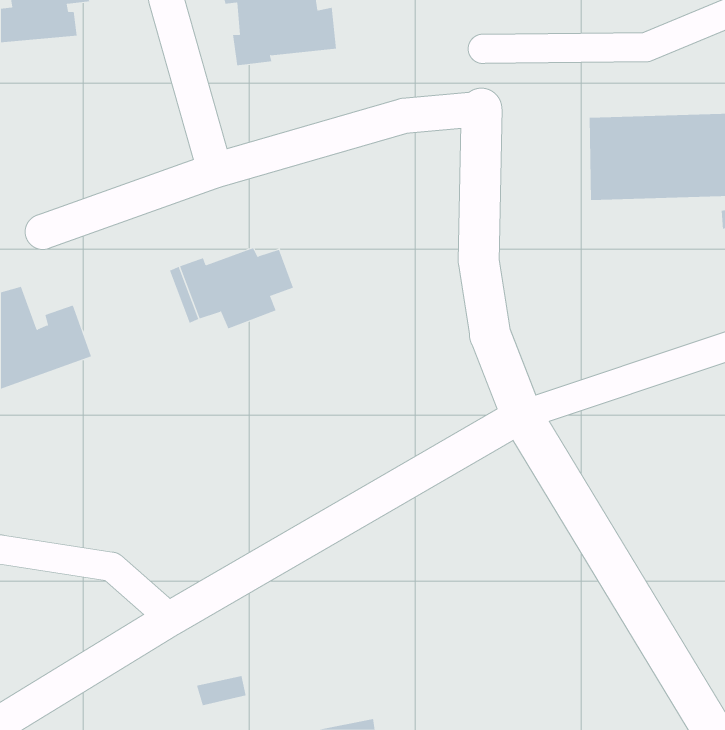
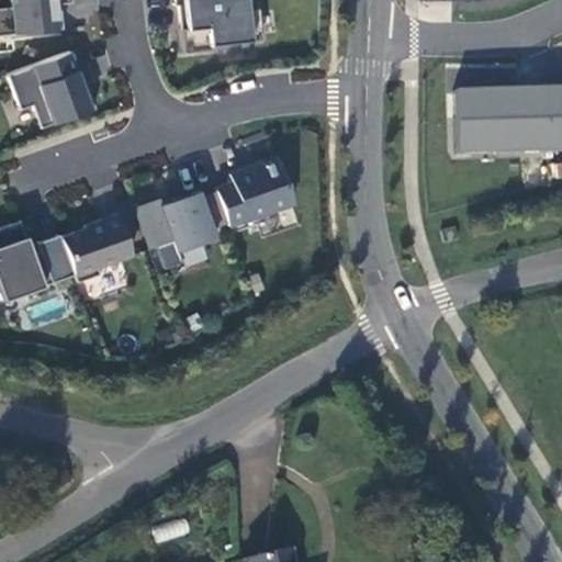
building: none -> [10,50,98,126]
building: none -> [218,159,295,224]
building: none -> [63,213,134,282]

